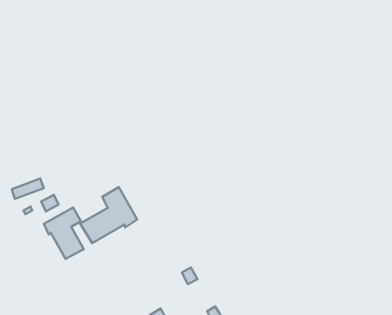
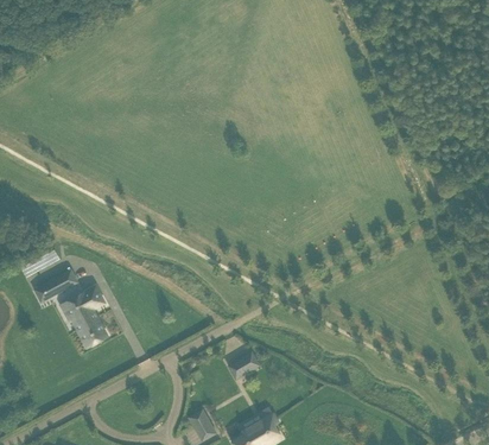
building: [80,187,137,243] -> none

